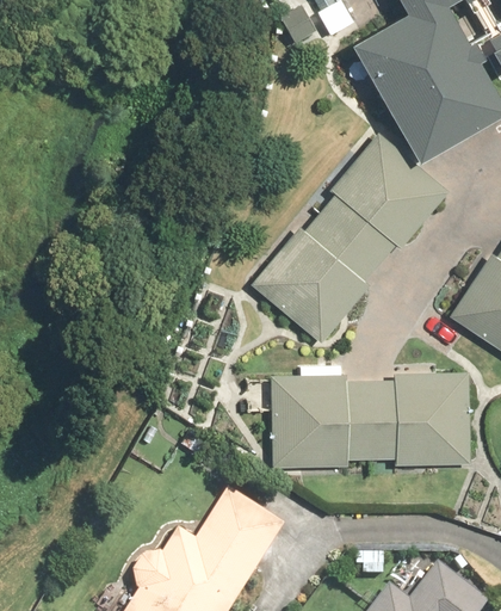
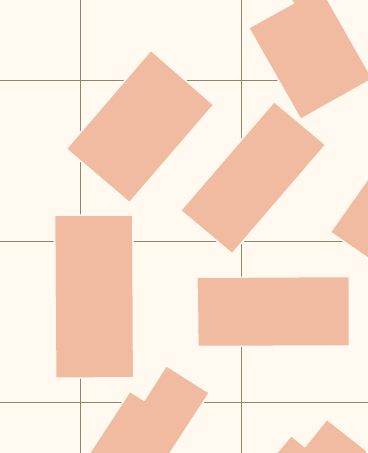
building: none -> [66,50,214,203]
building: none -> [54,215,134,378]

